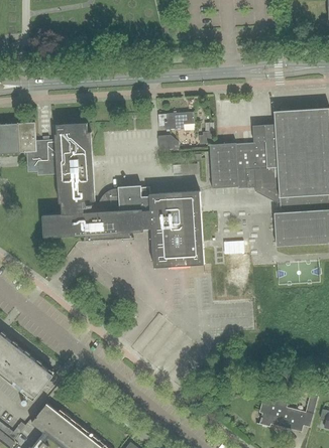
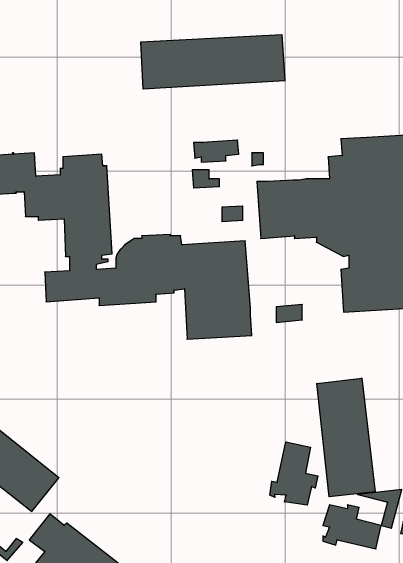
building: none -> [141,35,285,89]
building: none -> [317,378,375,497]
building: none -> [270,442,318,505]

